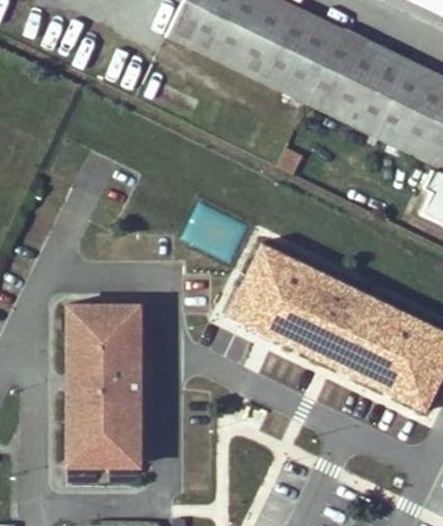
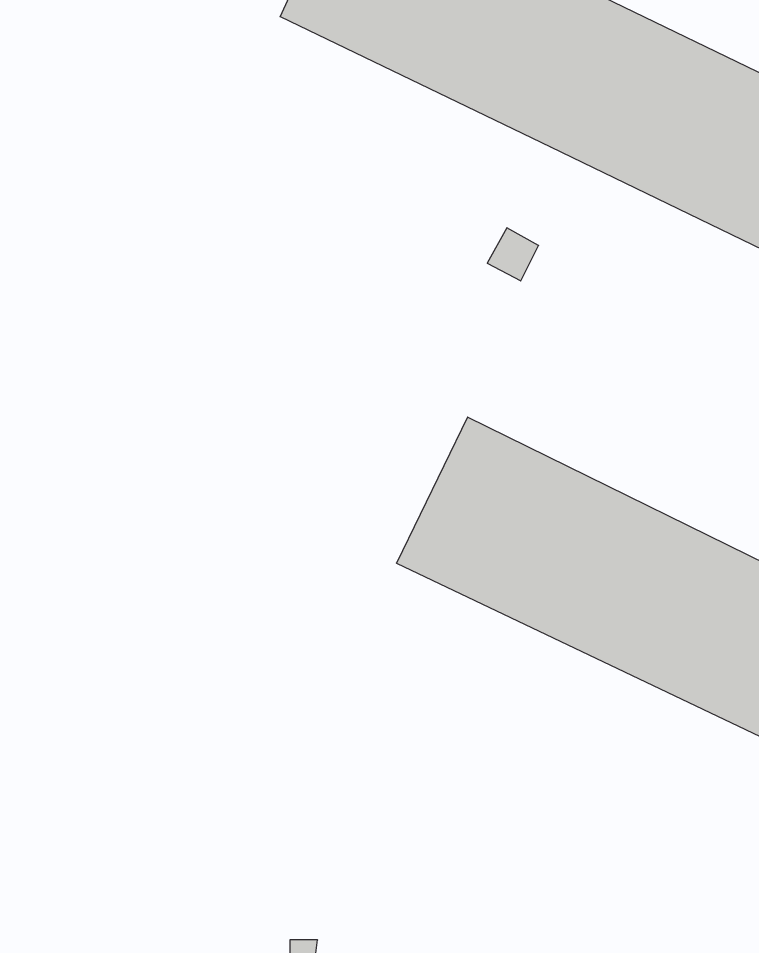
building: [62,303,141,466] -> none

